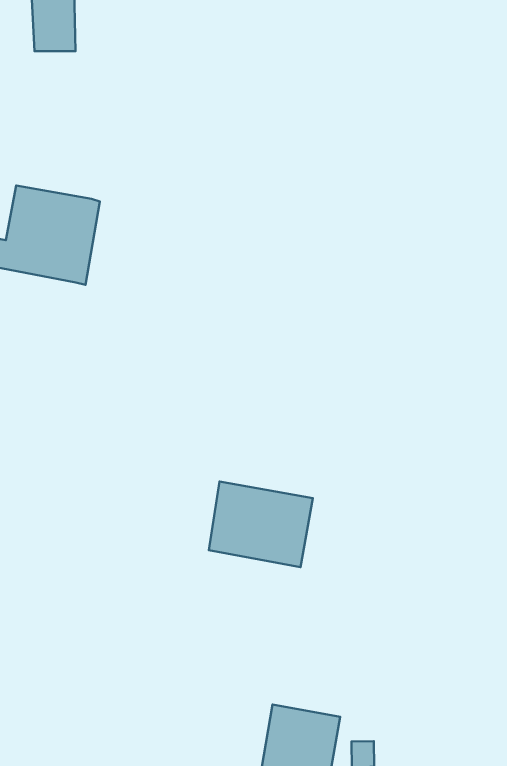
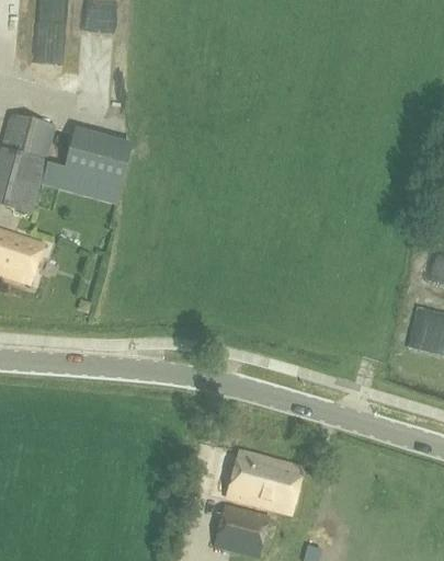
building: [209,481,313,567] -> [227,449,301,513]

